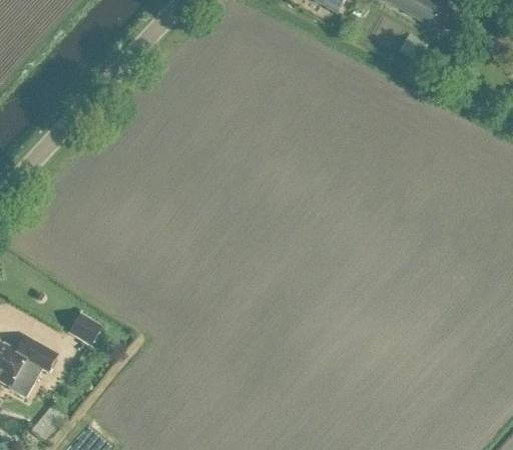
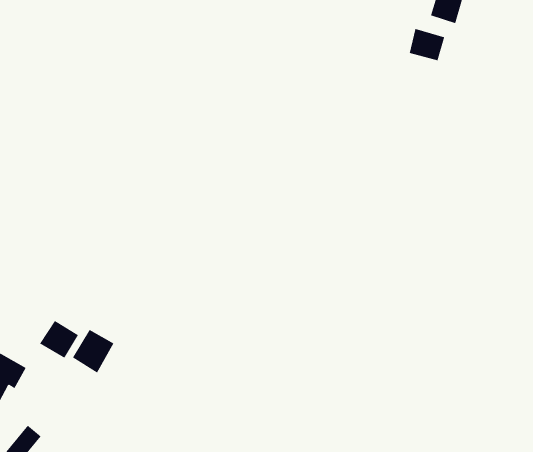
building: none -> [409,28,445,61]
building: none -> [72,329,114,373]

